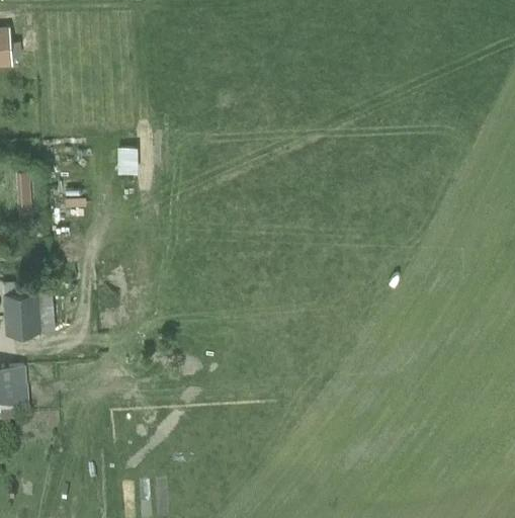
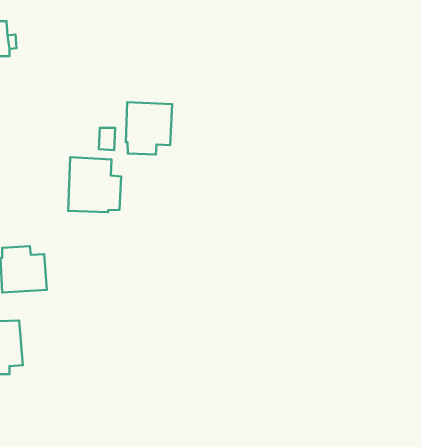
building: none -> [126,102,172,155]
building: none -> [68,157,121,212]

